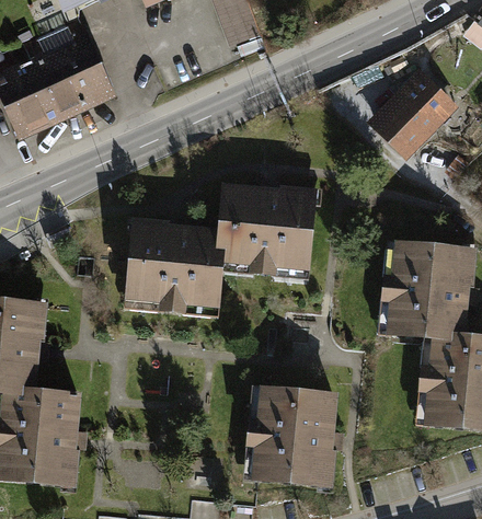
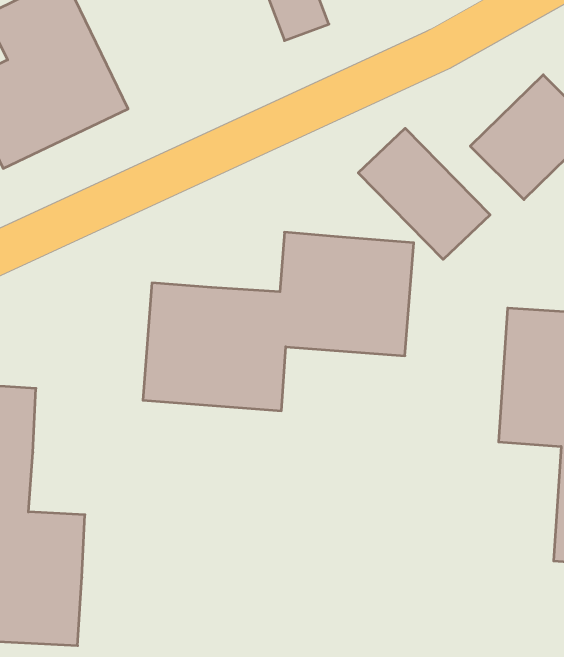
building: none -> [358,128,490,259]
building: [248,385,342,487] -> none

